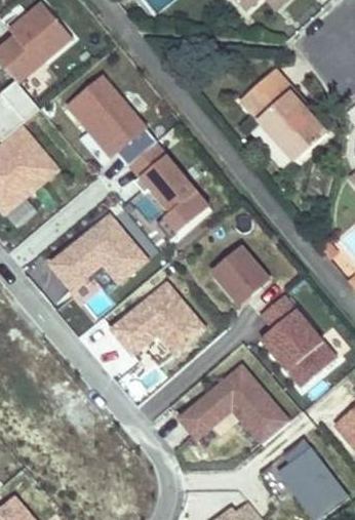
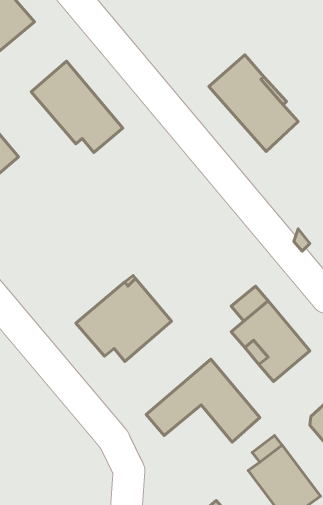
building: [128,141,208,232] -> none
building: [49,214,146,302] -> none
building: [213,245,270,303] -> none

